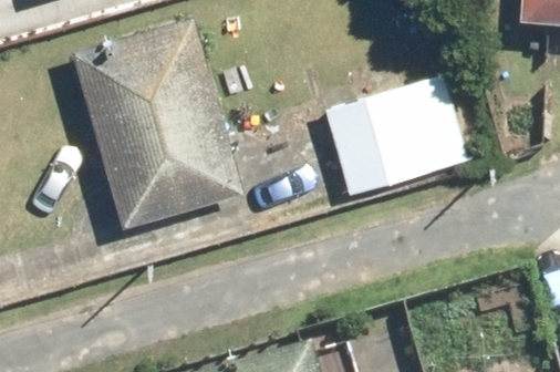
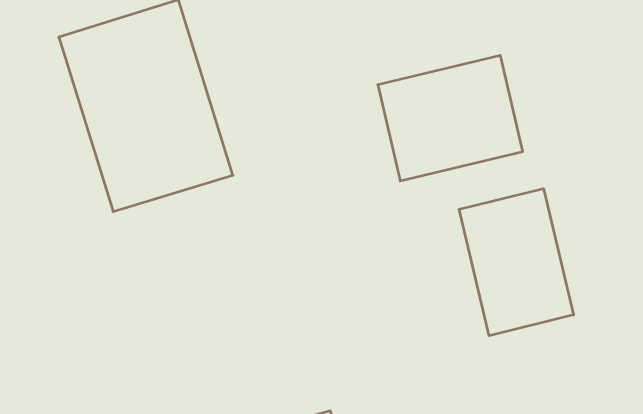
building: none -> [459,189,574,336]

